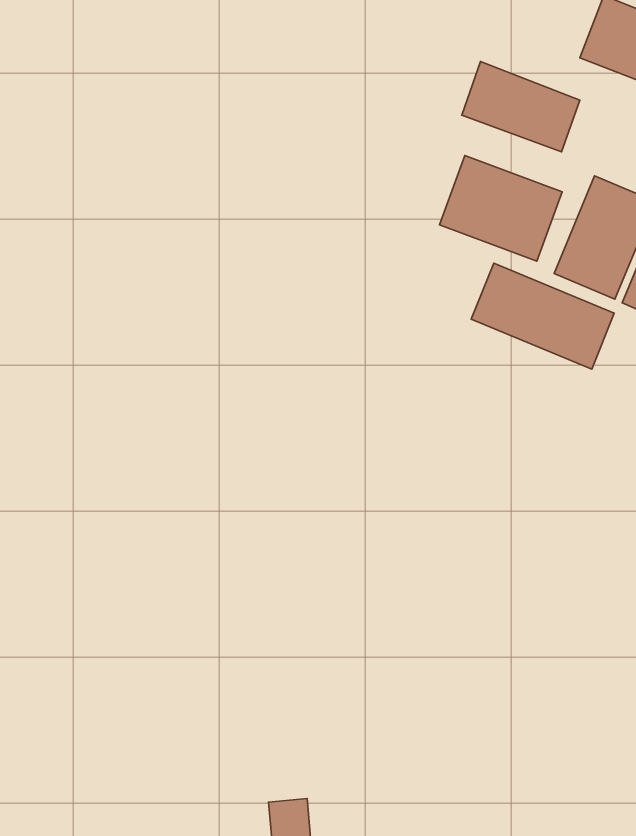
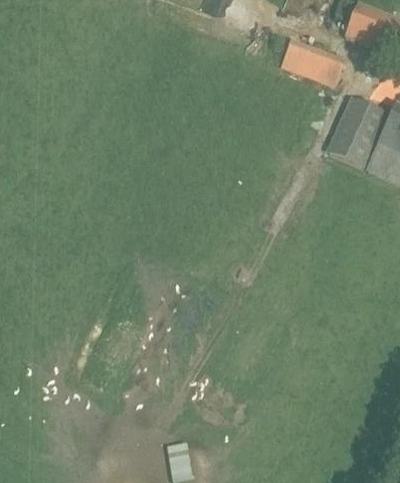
building: [440,156,562,261] -> none
building: [471,263,614,369] -> none

